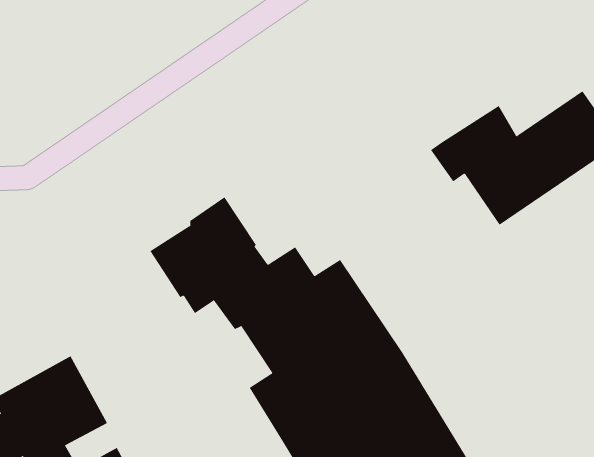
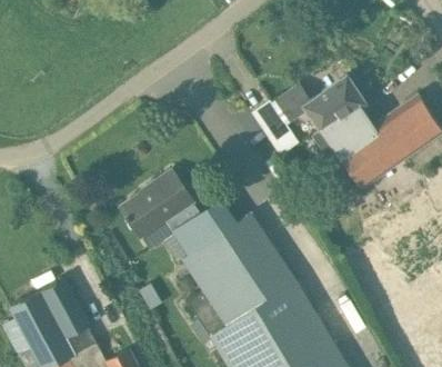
building: none -> [251,77,365,156]

